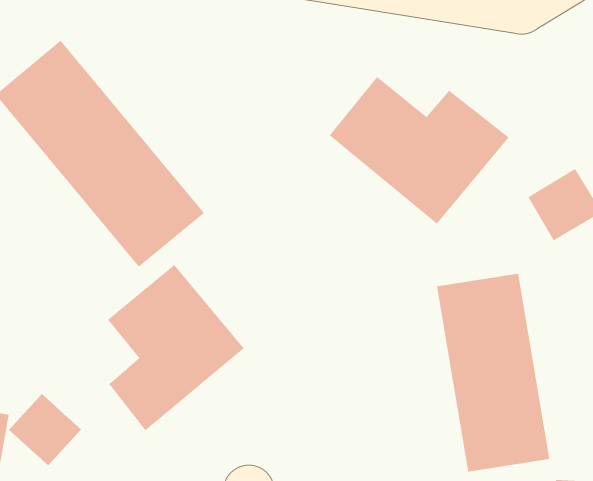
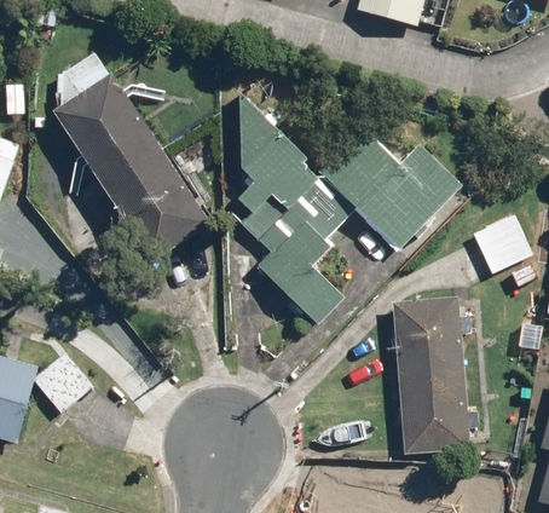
building: none -> [237,90,345,324]
building: [107,264,244,431] -> none

